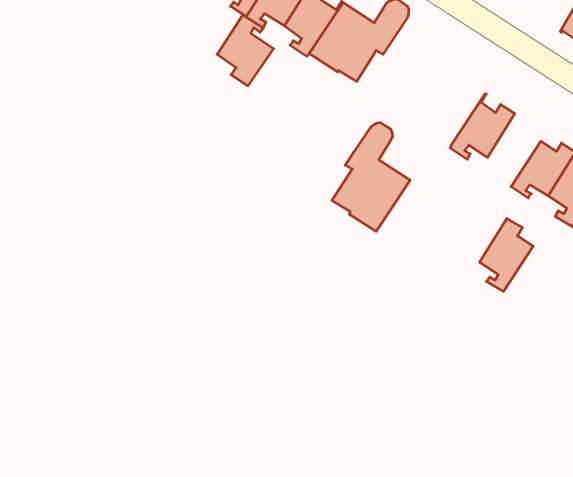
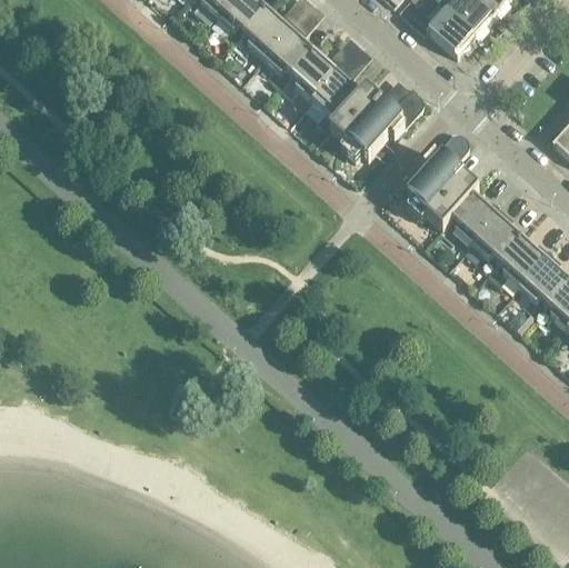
building: [217,15,274,86] -> none
building: [332,123,410,231] -> [406,131,477,226]
building: [480,218,533,291] -> [470,207,519,270]

